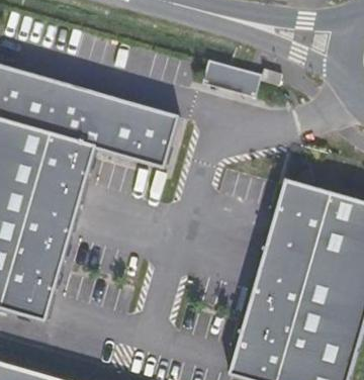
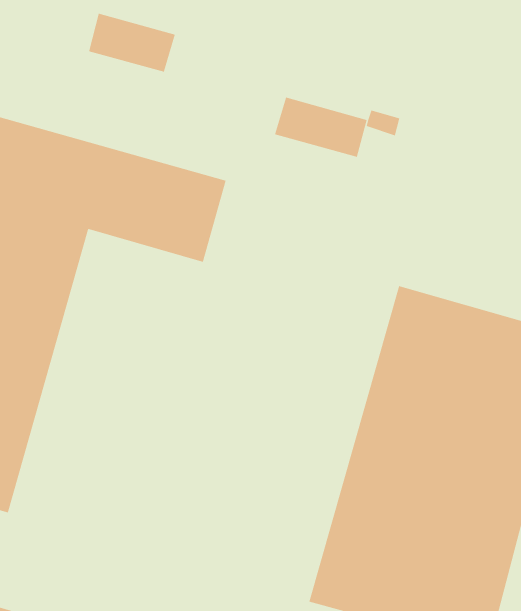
building: none -> [89,13,175,73]

